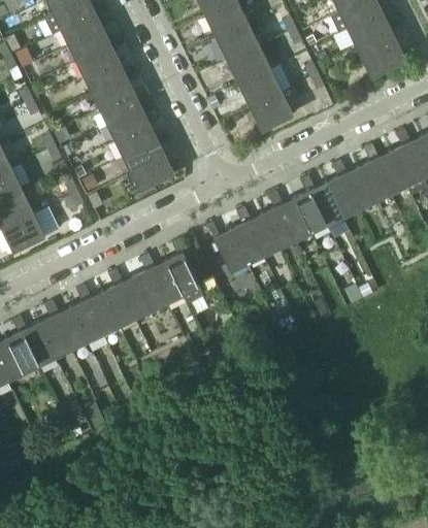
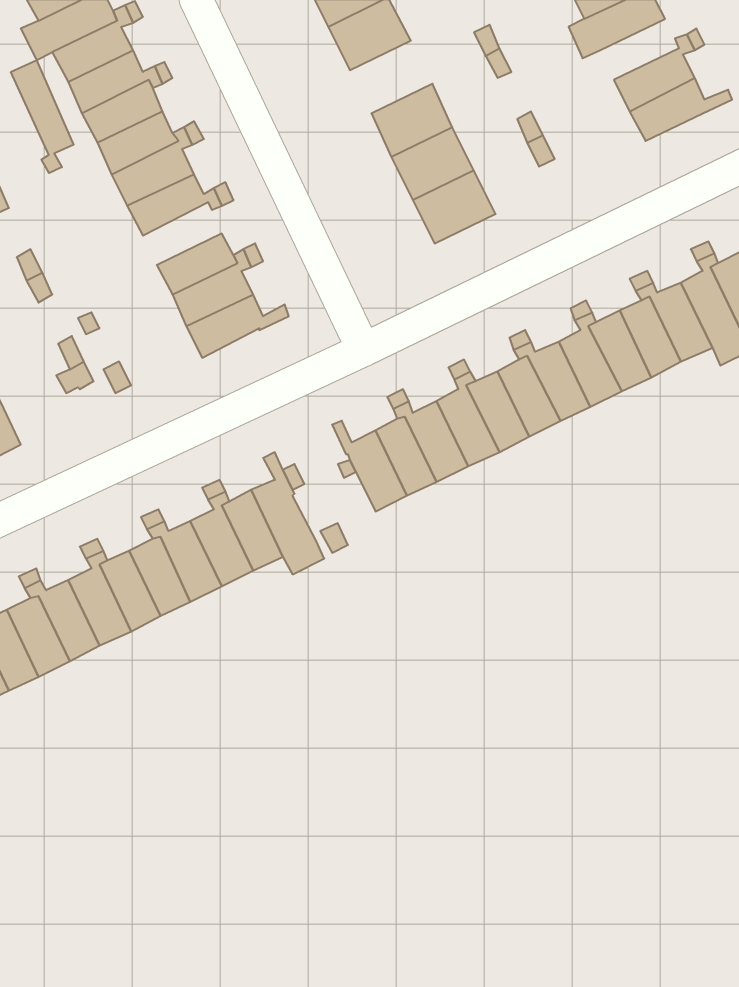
building: [348,14,389,46] -> none
building: [217,26,260,64] -> none
building: none -> [11,60,74,173]
building: [108,110,150,143] -> none

